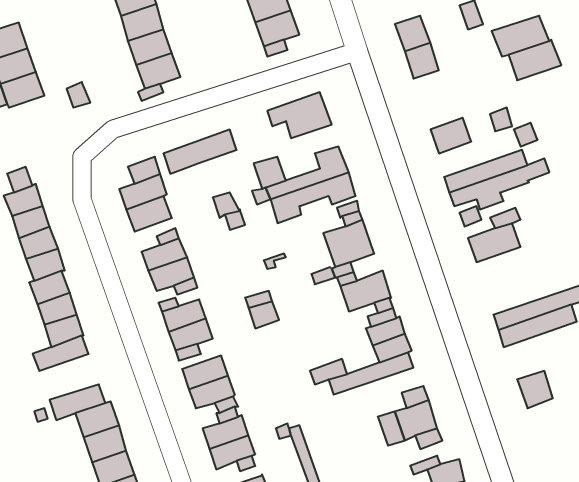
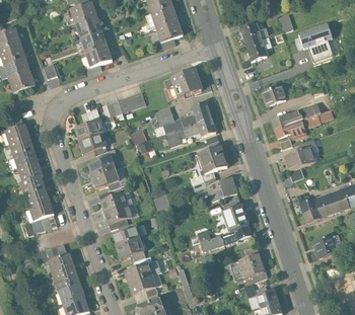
building: none -> [9,71,36,93]

